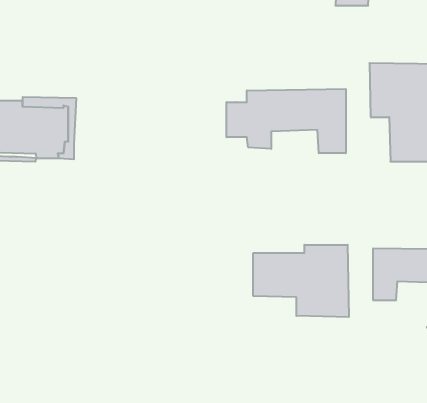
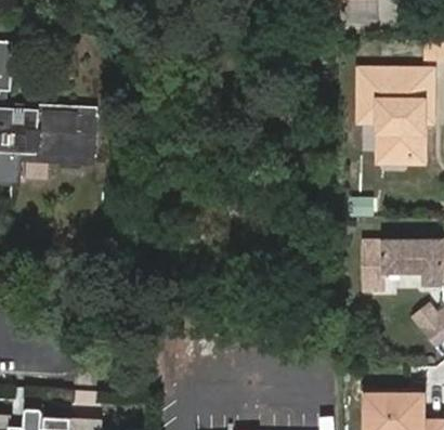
building: [227,89,346,153] -> none
building: [253,245,349,317] -> none

